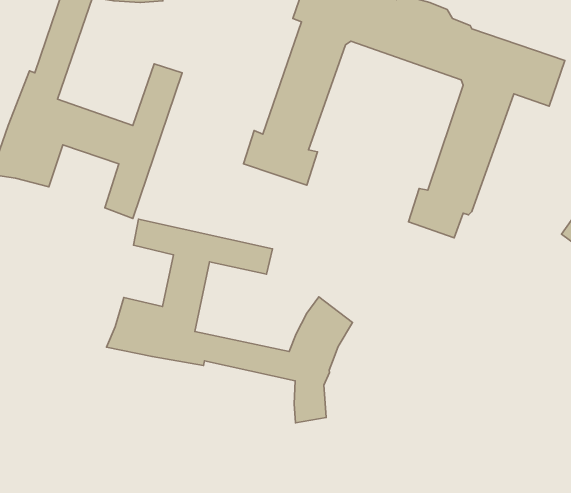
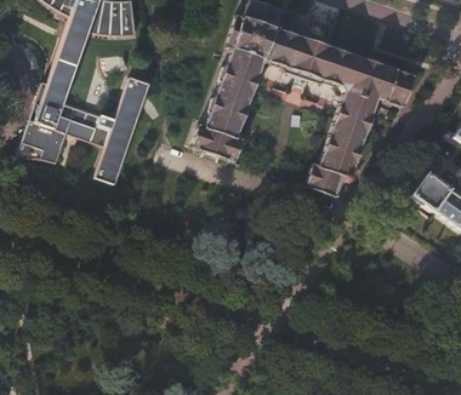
building: [107,219,353,423] -> none

